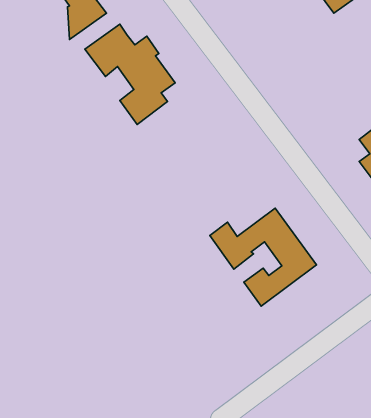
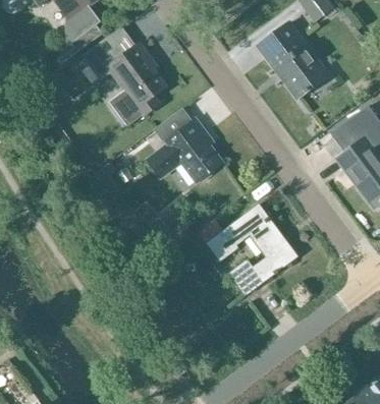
building: none -> [259,22,328,96]
building: none -> [148,108,222,181]

